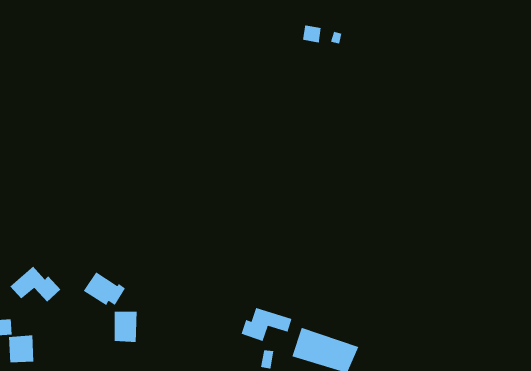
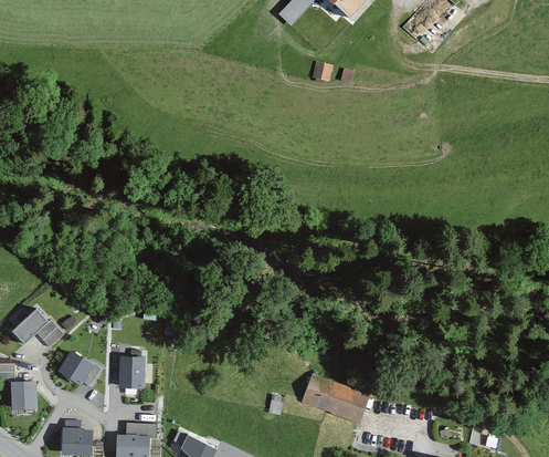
building: [83,271,126,306] -> [56,351,101,386]
building: [241,307,292,342] -> none

